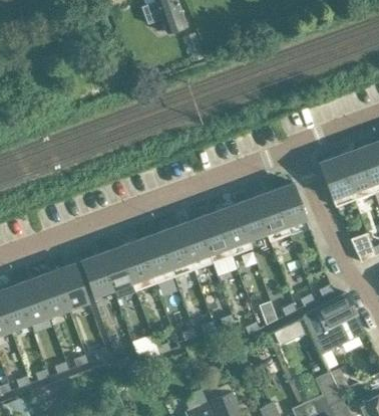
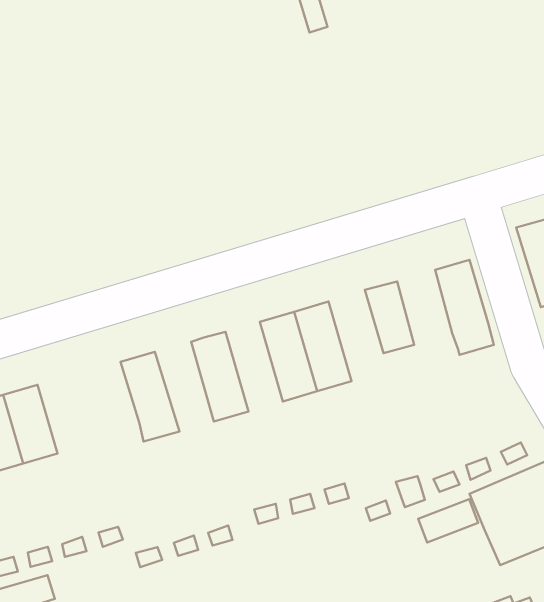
building: [254,189,291,241] -> none
building: [216,203,252,255] -> none
building: [158,225,194,276] -> none
building: [119,239,155,290] -> none
building: [80,253,113,295] -> none
building: [54,262,88,307] -> none

